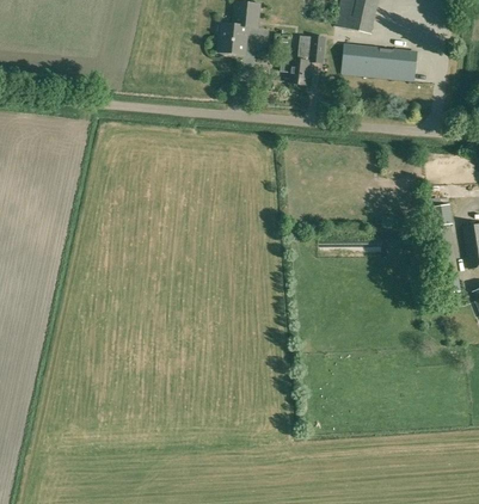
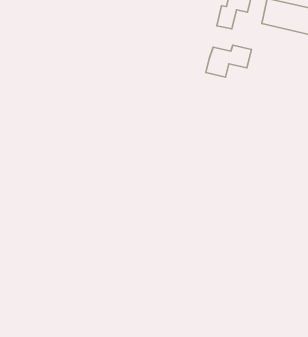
building: none -> [206,45,251,77]

